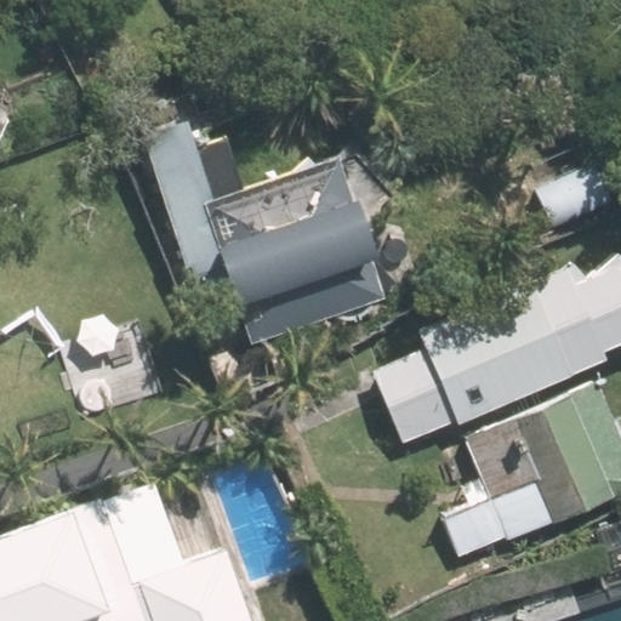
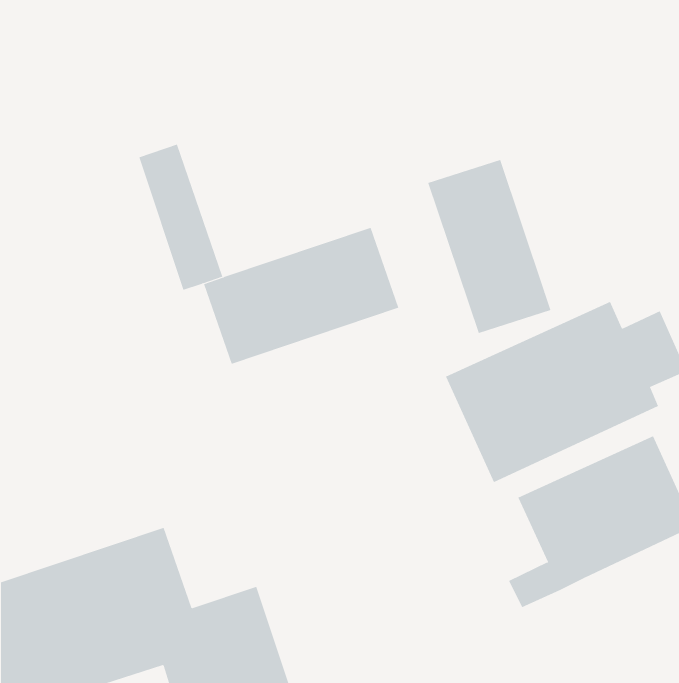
building: none -> [428,159,551,334]

